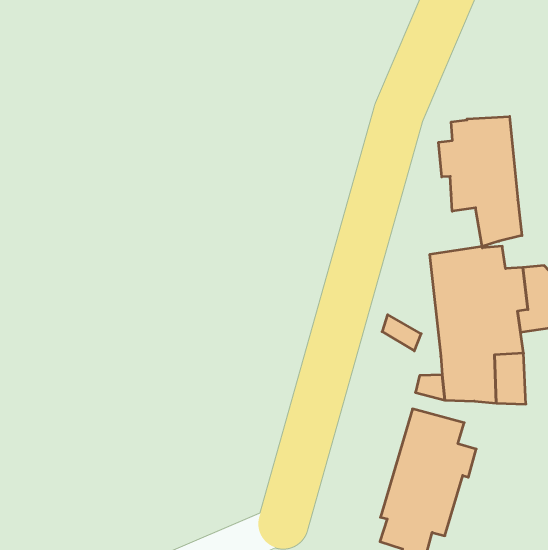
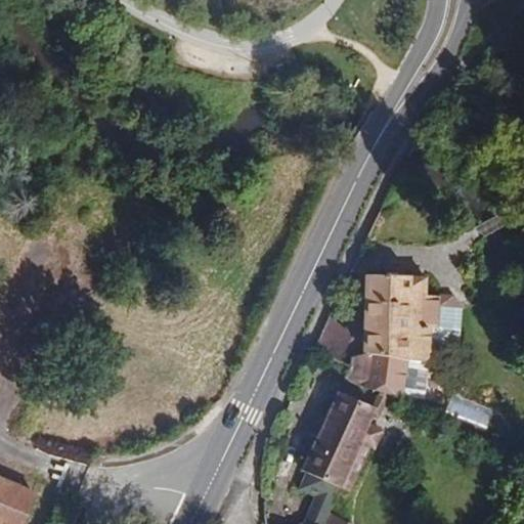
building: [439,116,522,247] -> none

